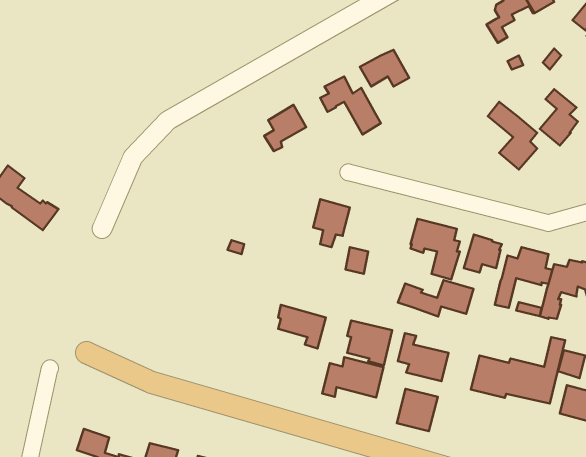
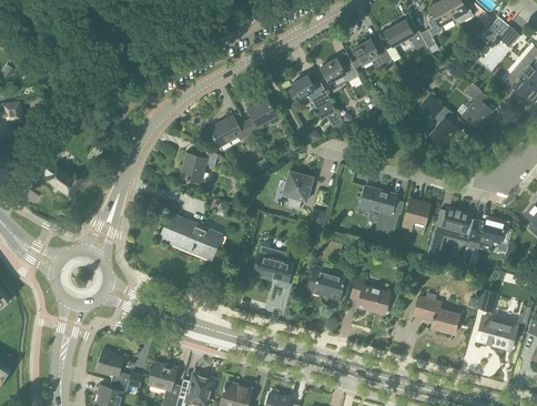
building: none -> [384,19,430,57]
building: none -> [352,39,392,68]
building: none -> [210,116,252,145]
building: none -> [181,145,217,182]
building: none -> [160,213,220,260]
building: [398,280,474,317] -> none
building: [322,357,384,398] -> none
building: [397,389,438,431] -> none

